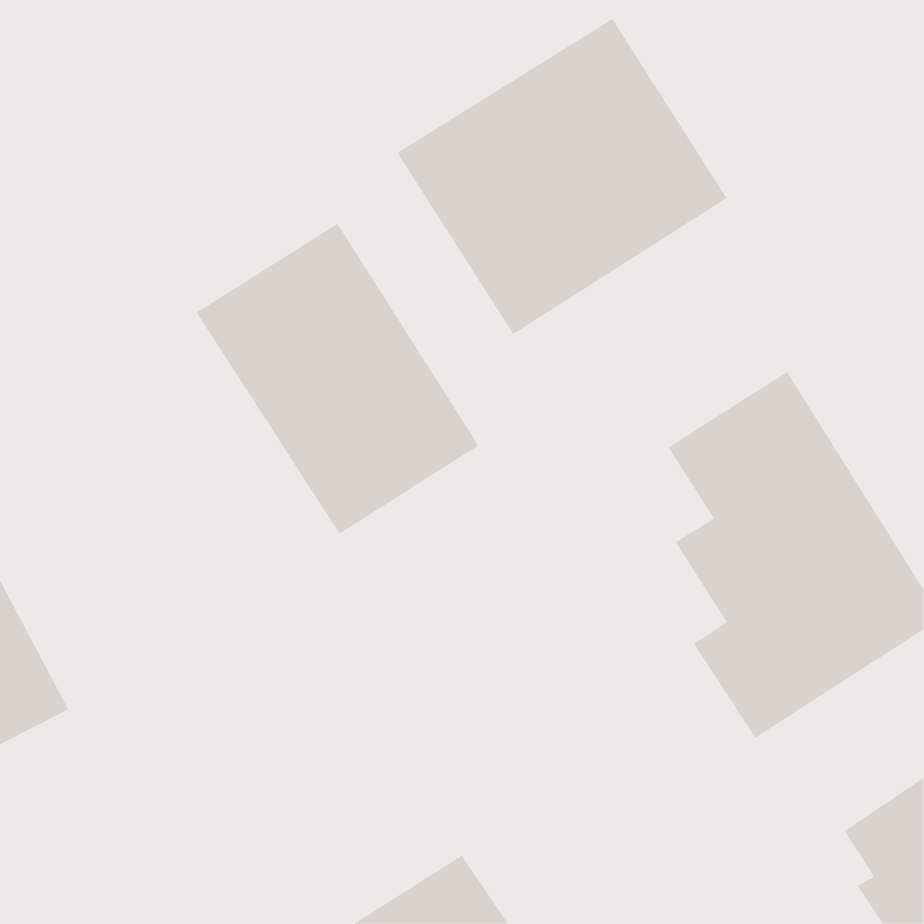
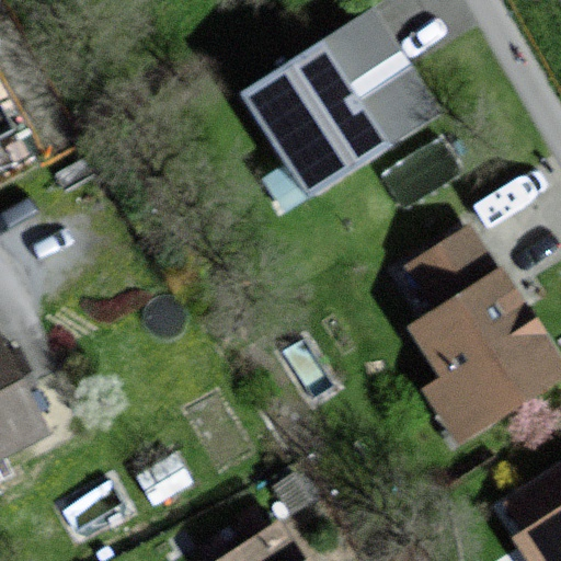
building: [196,223,479,534] -> none

